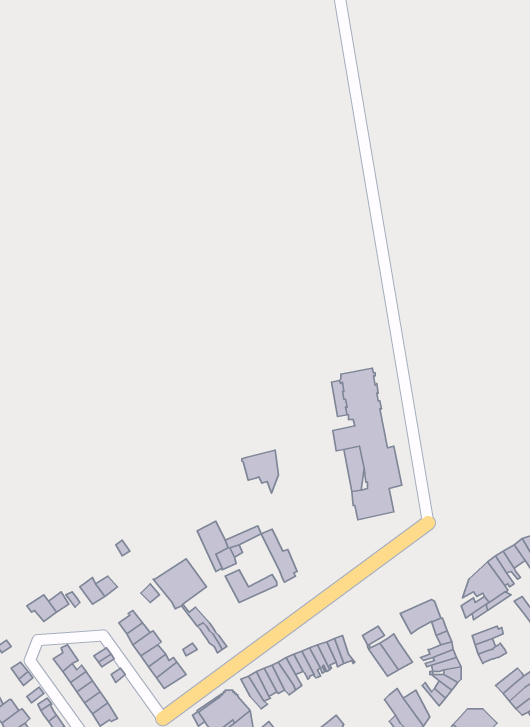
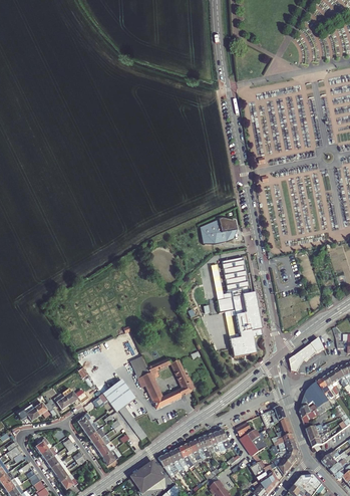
building: none -> [198,218,236,244]
building: [242,450,279,493] -> none
building: none -> [288,338,323,373]

